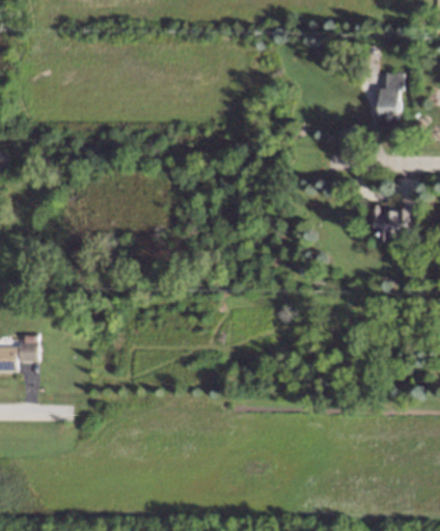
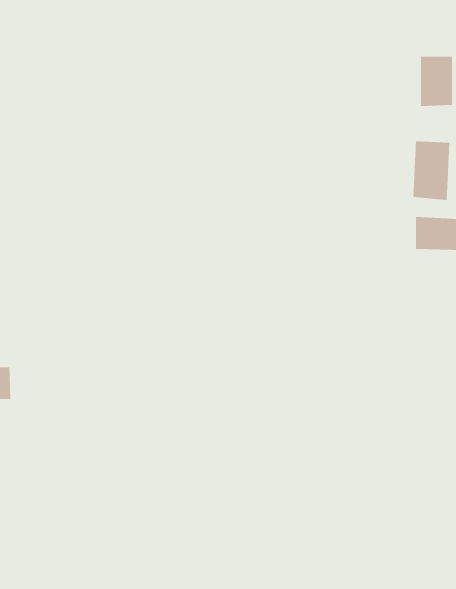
building: none -> [413,141,450,201]

